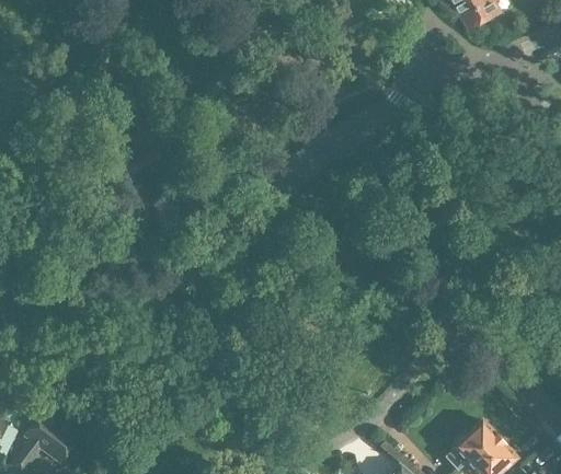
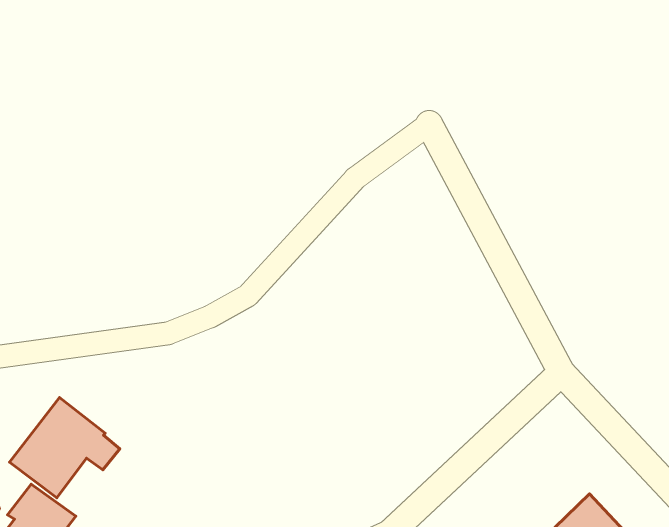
building: none -> [10,397,120,498]

